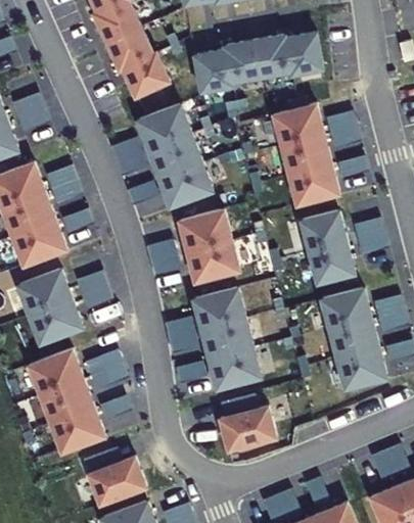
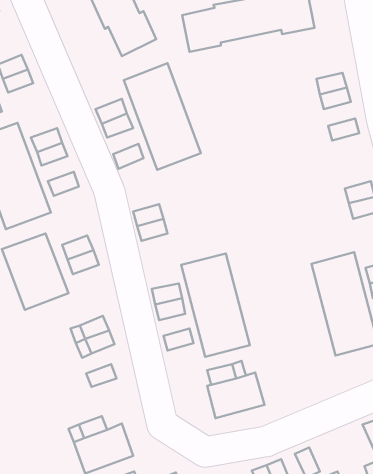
building: [272,104,337,206] -> none
building: [178,209,238,283] -> none
building: [301,211,355,284] -> none
building: [29,349,104,451] -> none

